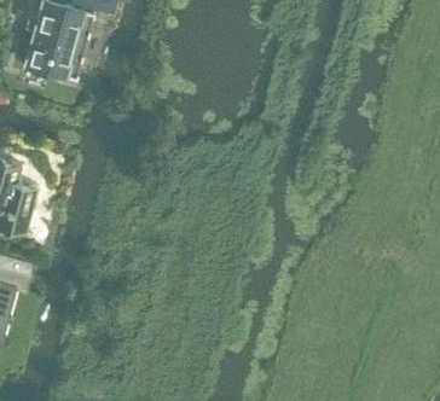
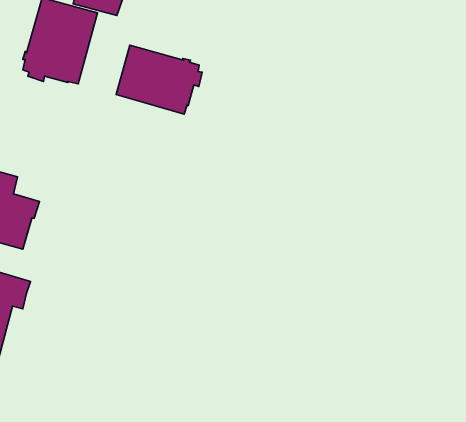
building: none -> [116,45,202,114]

